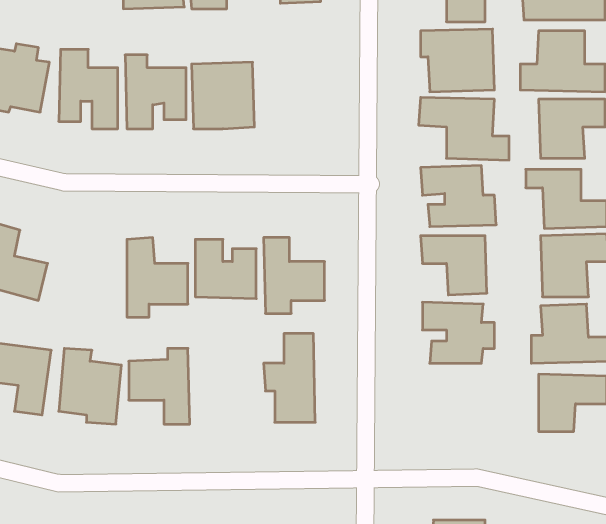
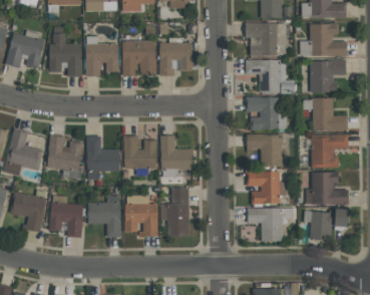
building: none -> [158,42,193,75]
building: none -> [47,136,81,178]
building: none -> [124,195,157,236]
building: none -> [247,208,282,241]

